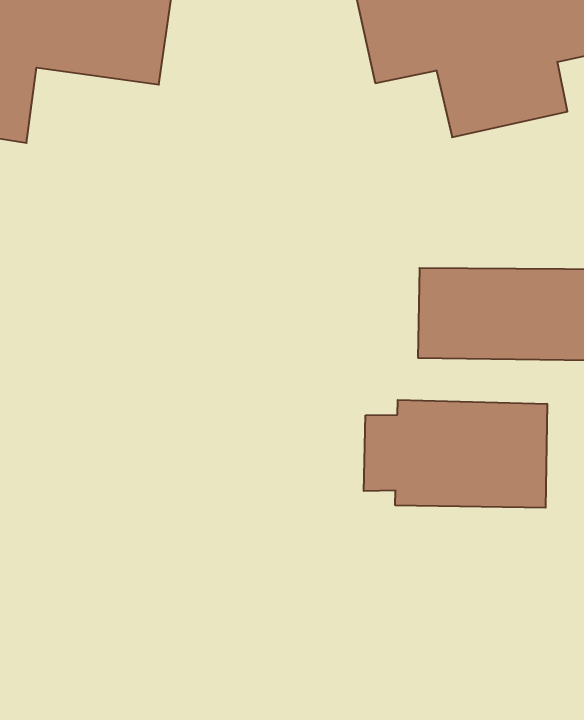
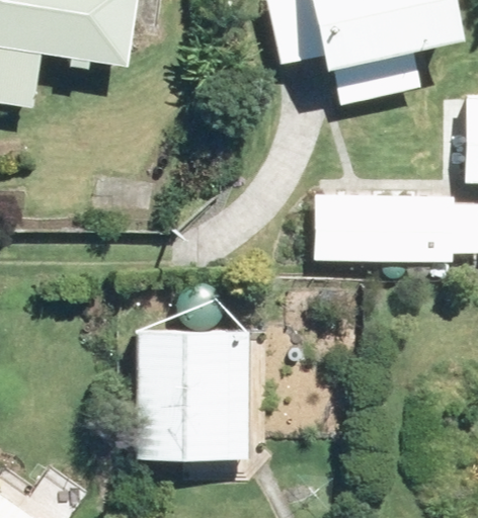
building: [364,400,547,508] -> none
building: none -> [136,330,250,460]

